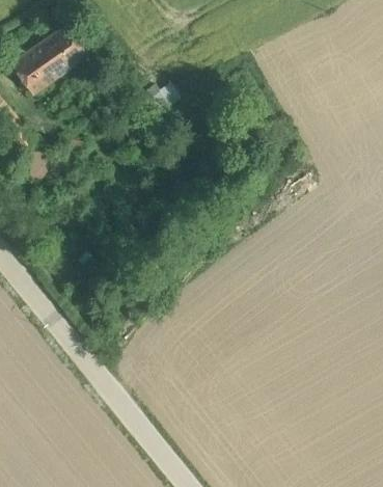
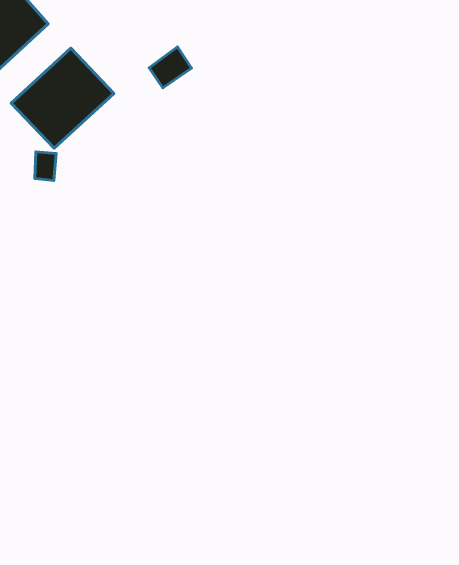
building: none -> [11,48,114,148]

